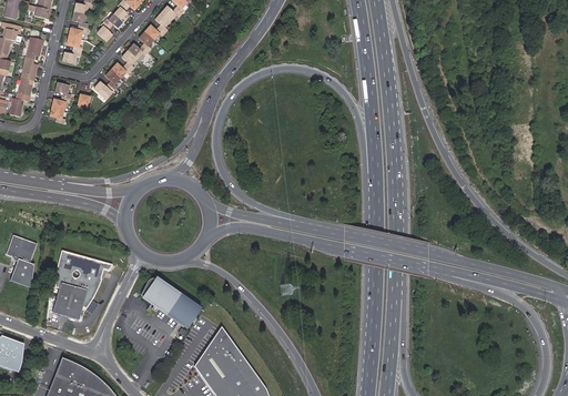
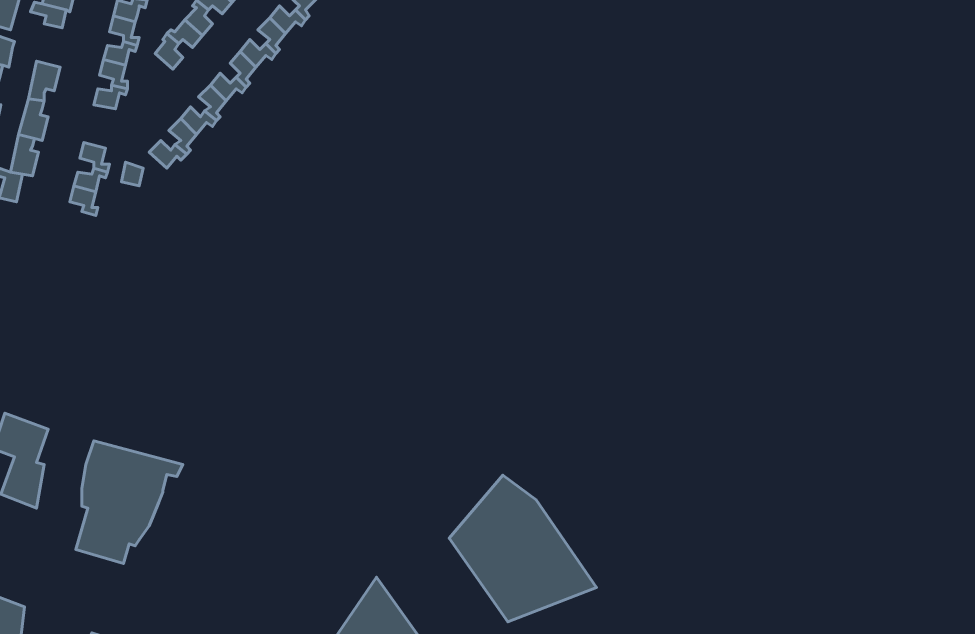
building: none -> [449,475,596,622]
building: [140,277,199,326] -> none

